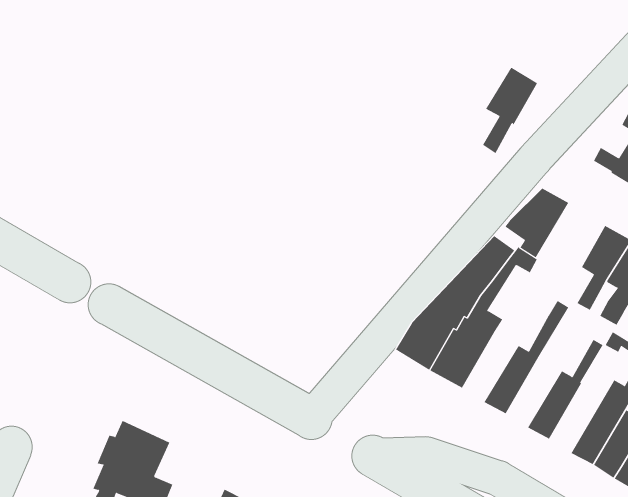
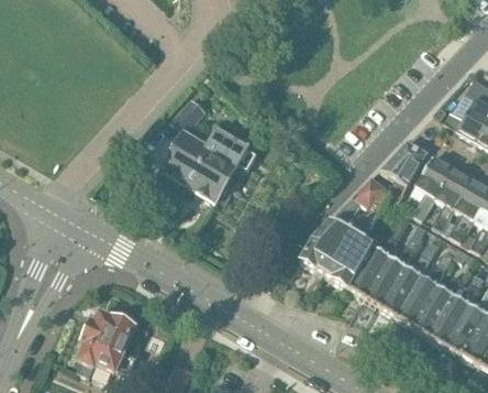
building: [482,67,538,154] -> [412,155,453,219]
building: none -> [162,95,255,201]
building: none -> [348,214,410,297]
building: none -> [380,239,439,316]
building: none -> [412,273,461,335]

